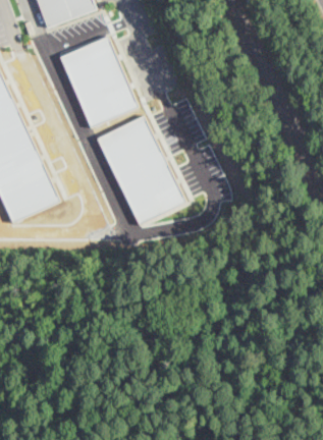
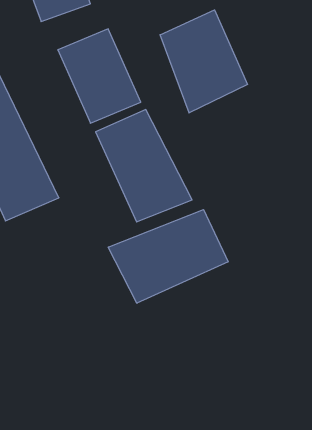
building: none -> [160,10,248,113]
building: none -> [108,210,228,303]

